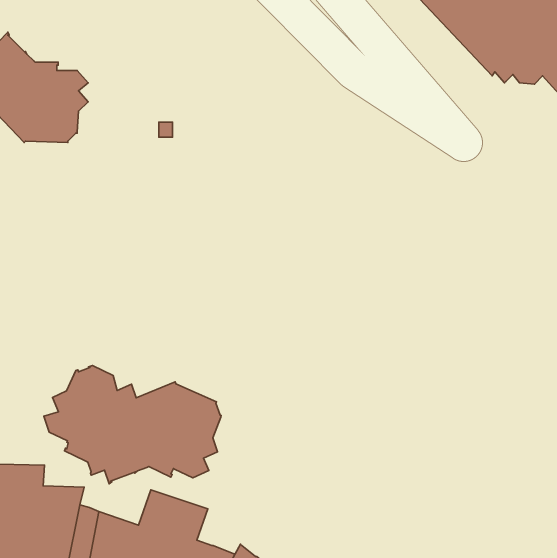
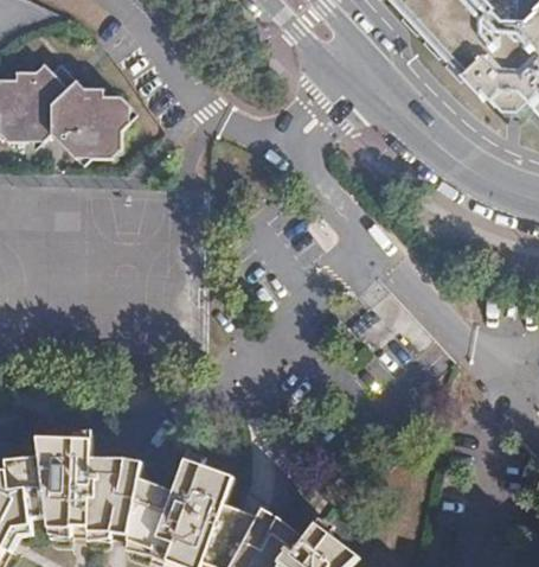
building: [44,365,221,484] -> none

